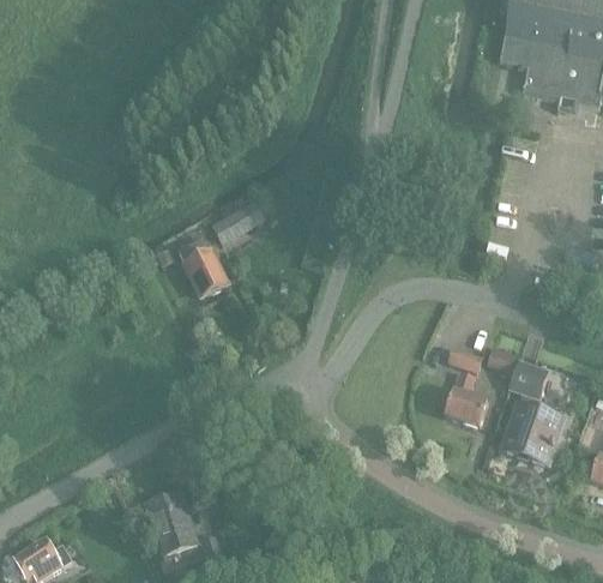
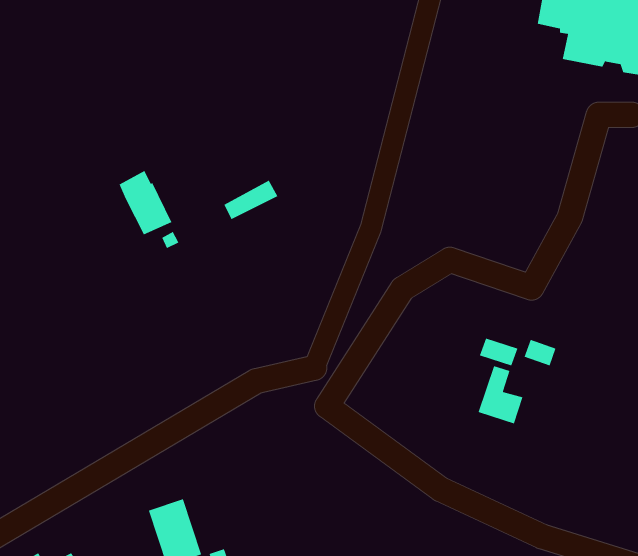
building: [179,238,228,297] -> [118,170,172,236]
building: [505,361,562,463] -> none

